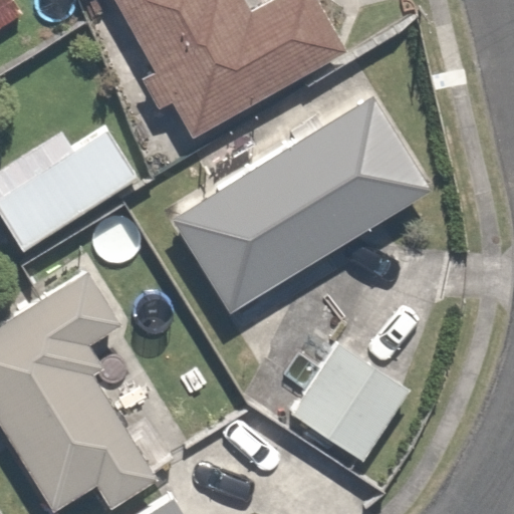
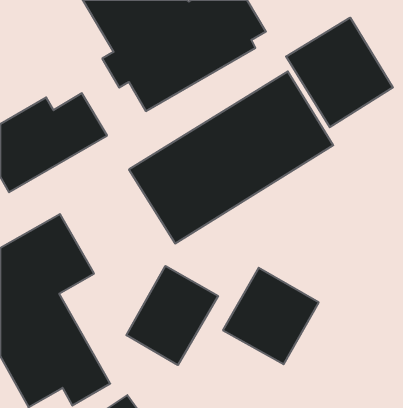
building: none -> [286,18,393,127]
building: none -> [126,266,218,365]

